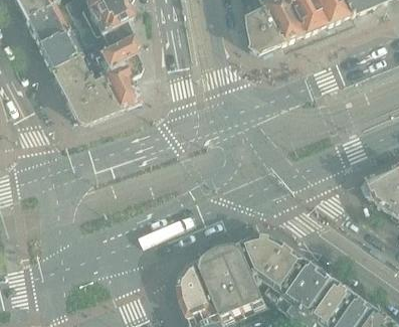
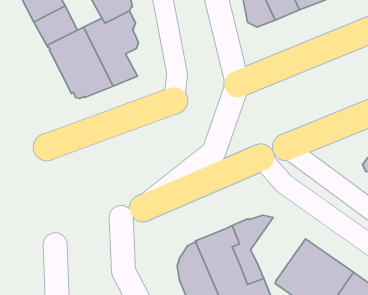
building: [253,240,308,303] -> none

